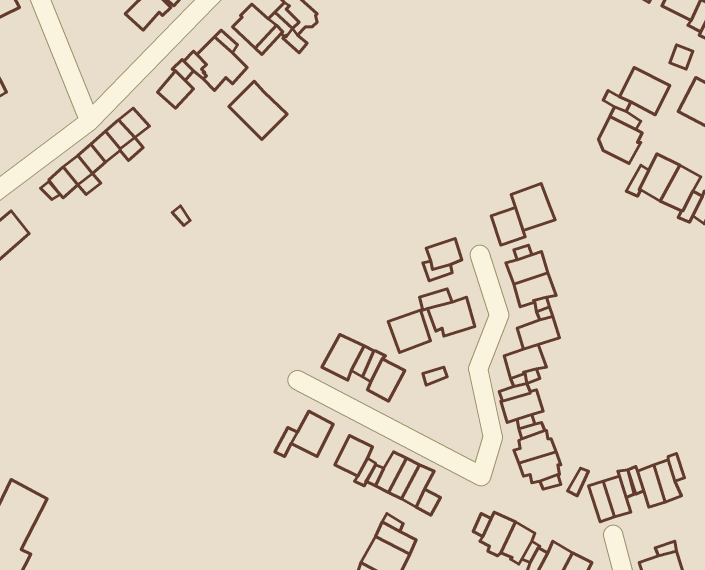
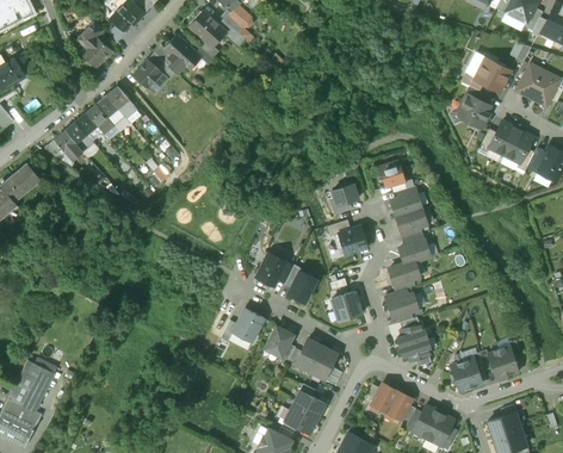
building: none -> [76,21,112,67]
building: [229,81,287,140] -> none
building: [511,184,555,231] -> none
building: [388,310,430,352] -> [330,291,361,322]

